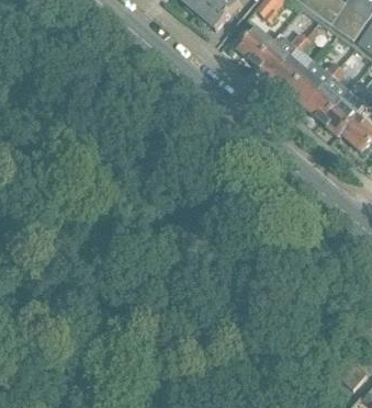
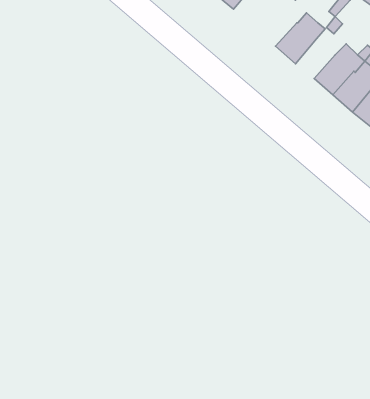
building: [237,26,272,63] -> none
building: [271,56,306,91] -> none

